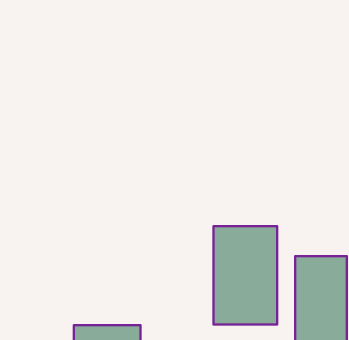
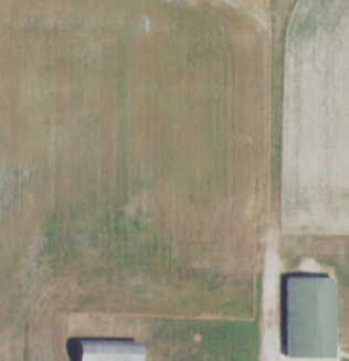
building: [213,226,277,325] -> none

